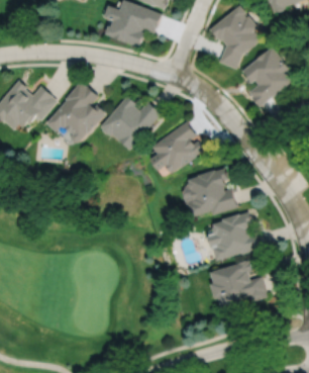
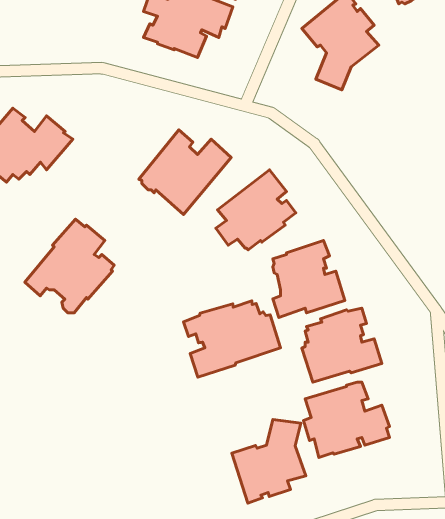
building: [240,46,290,107] -> none
building: [46,82,105,144] -> [25,219,114,313]
building: none -> [183,301,280,377]
building: none -> [232,419,306,503]

